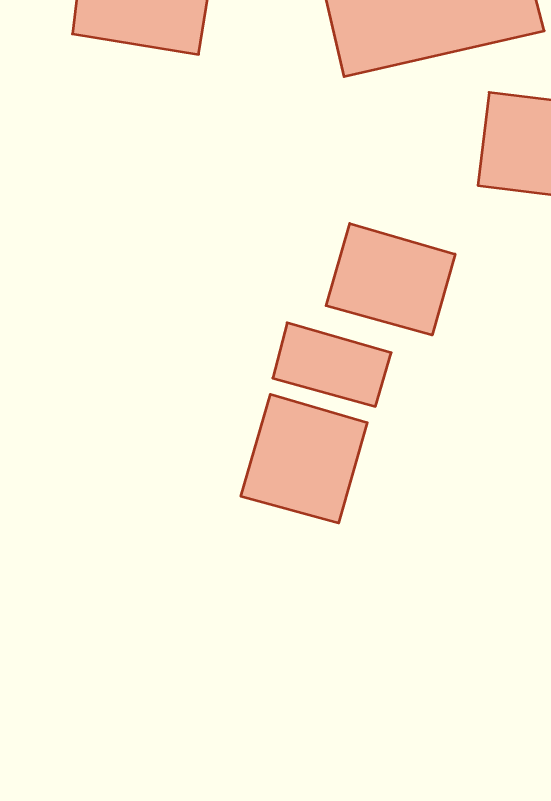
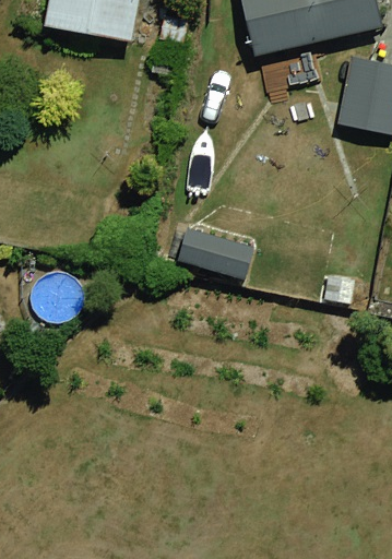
building: [326,223,455,335] -> none
building: [241,394,367,523] -> none

